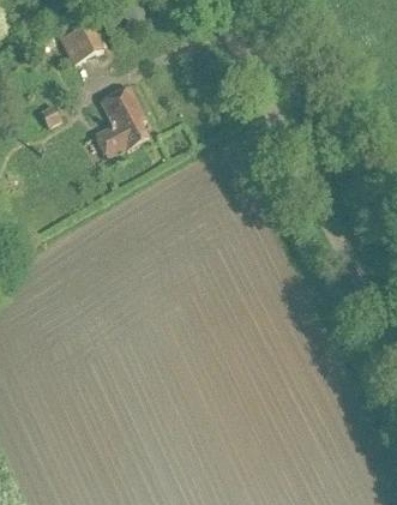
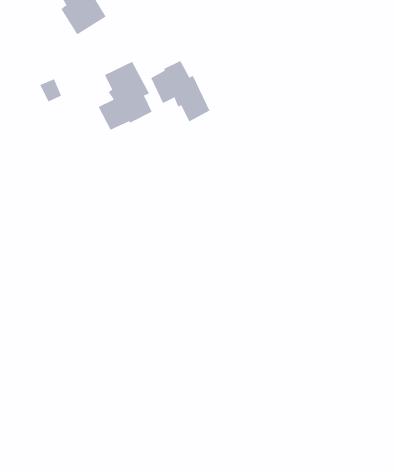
building: none -> [150,60,210,122]

